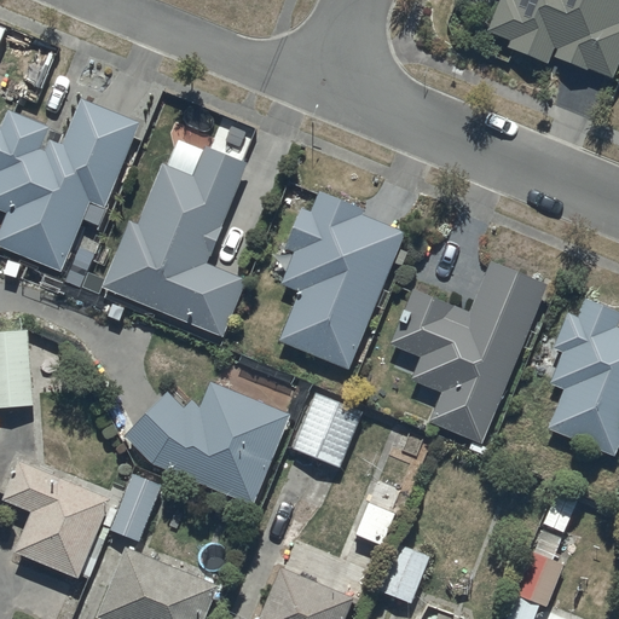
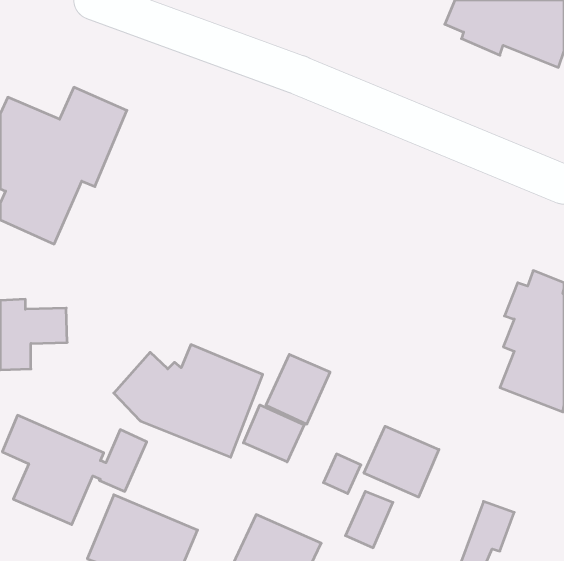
building: [102,146,247,335] -> none
building: [280,187,405,368] -> none
building: [389,260,548,444] -> none
building: none -> [243,405,304,462]
building: none -> [364,426,439,497]

